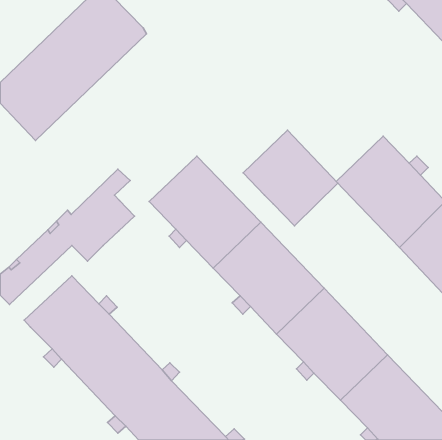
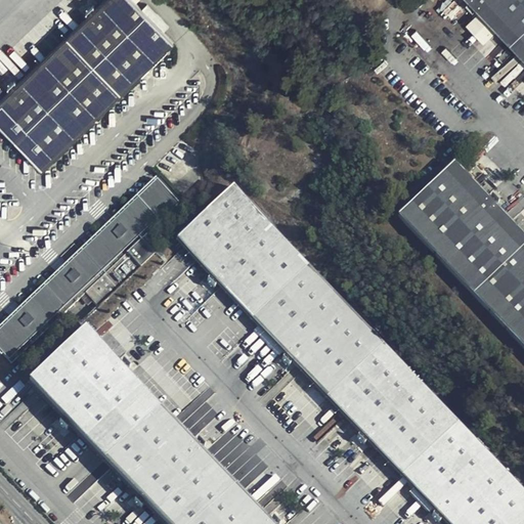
building: [243,130,338,226] -> none
building: none -> [81,177,178,253]

